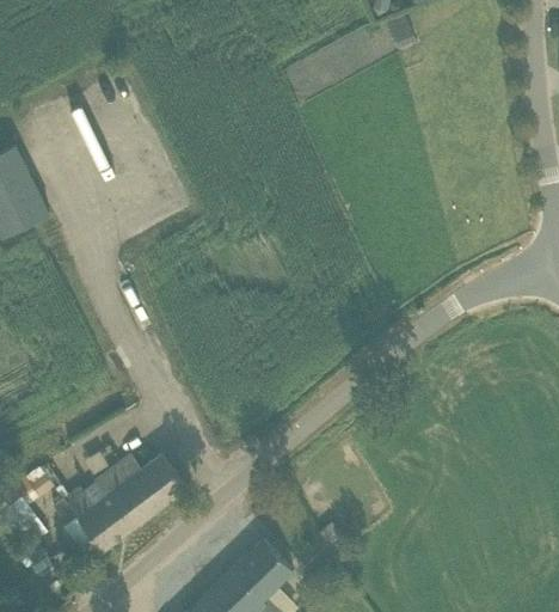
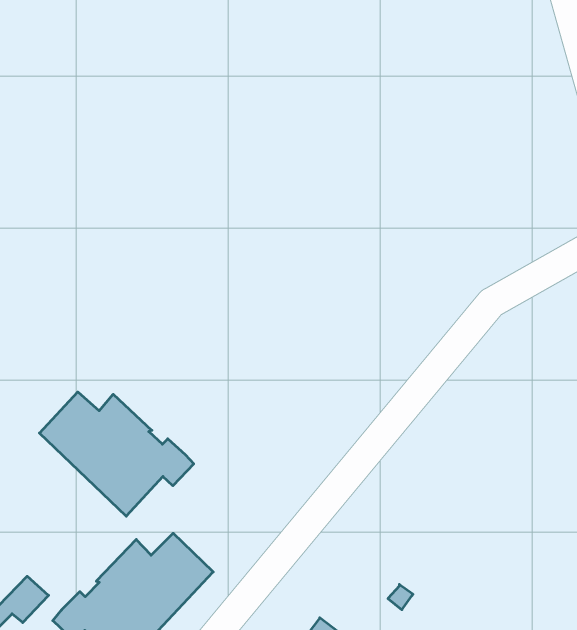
building: none -> [39,392,194,516]

